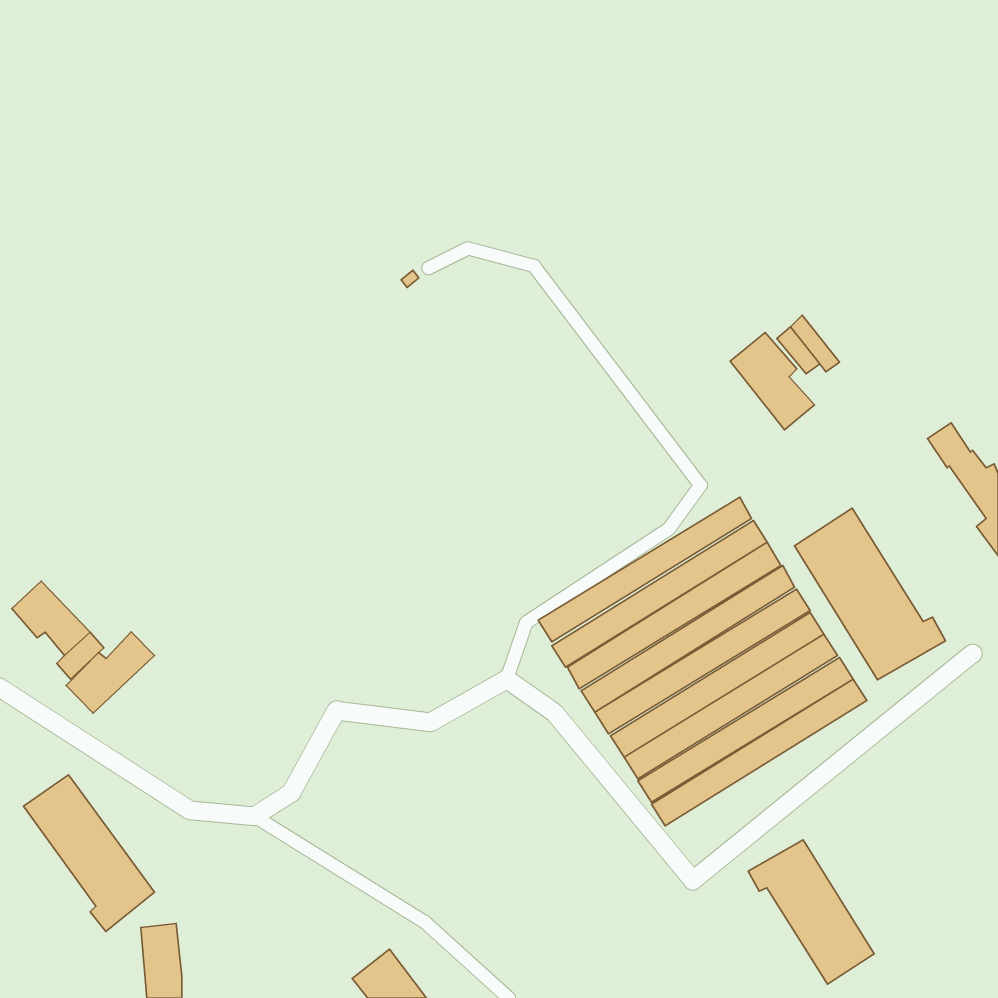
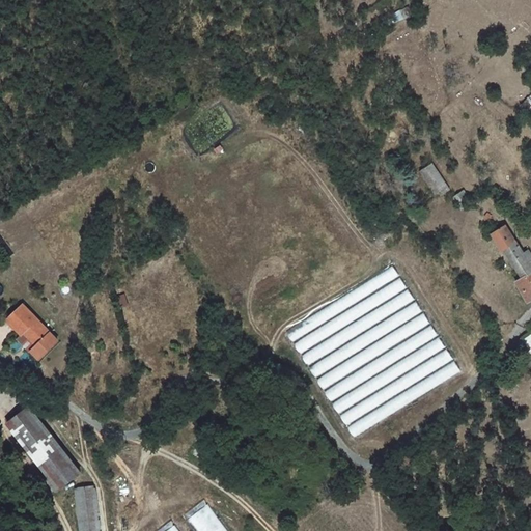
building: [730,333,815,430] -> none
building: [795,508,946,680] -> none
building: [66,632,155,713] -> none
building: [748,840,874,984] -> none

